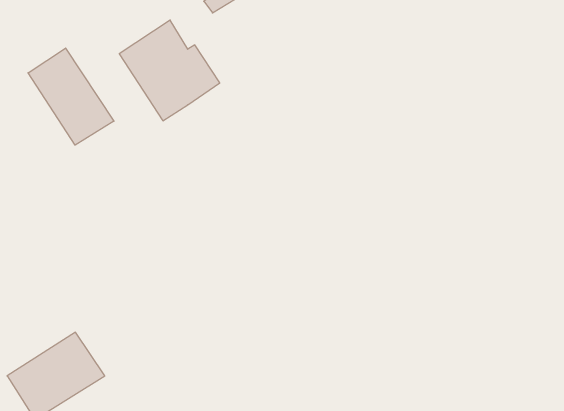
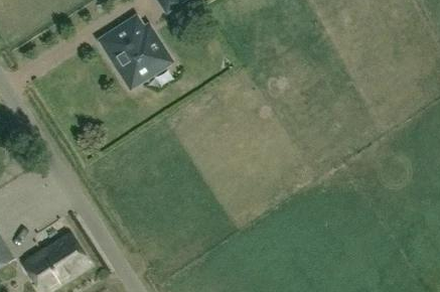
building: [28,48,114,145] -> none

